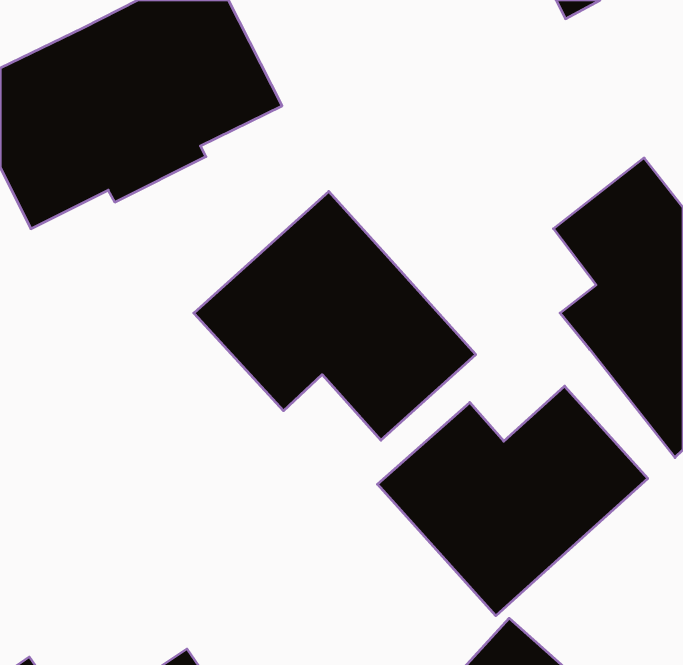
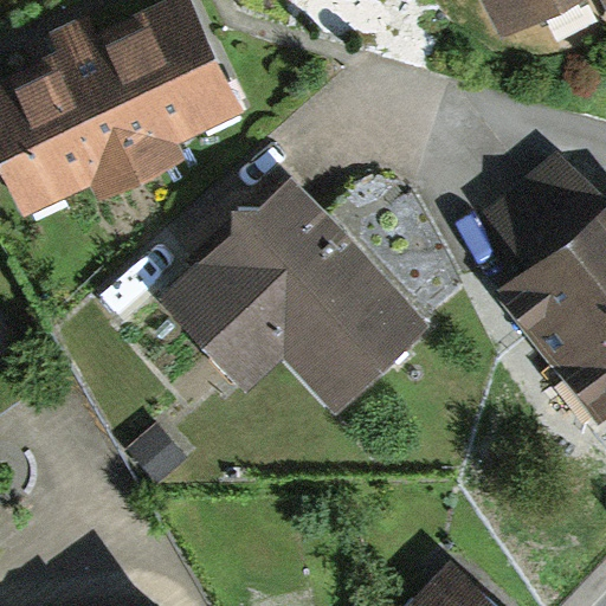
building: [377,386,648,616] -> none

